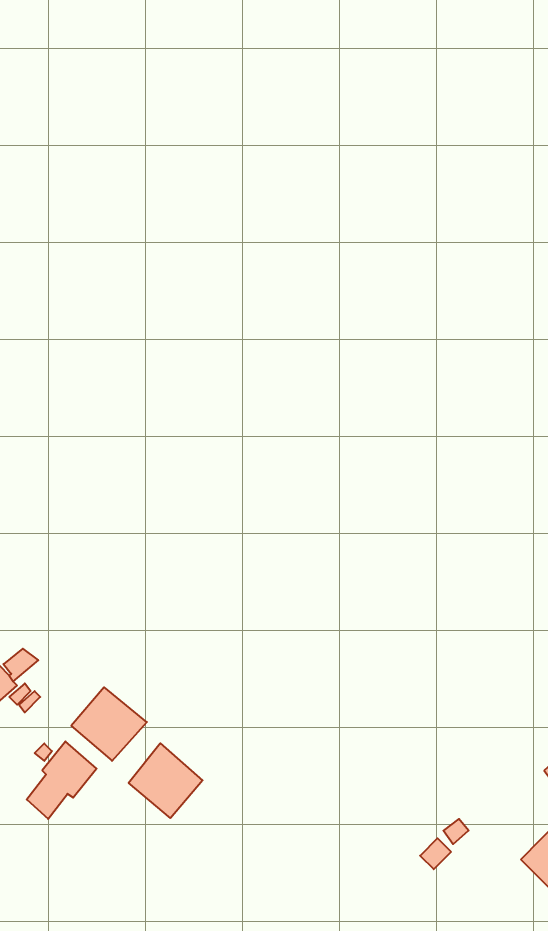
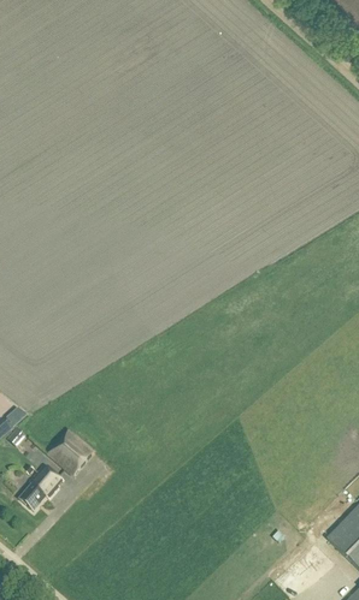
building: [129,743,203,818] -> none

